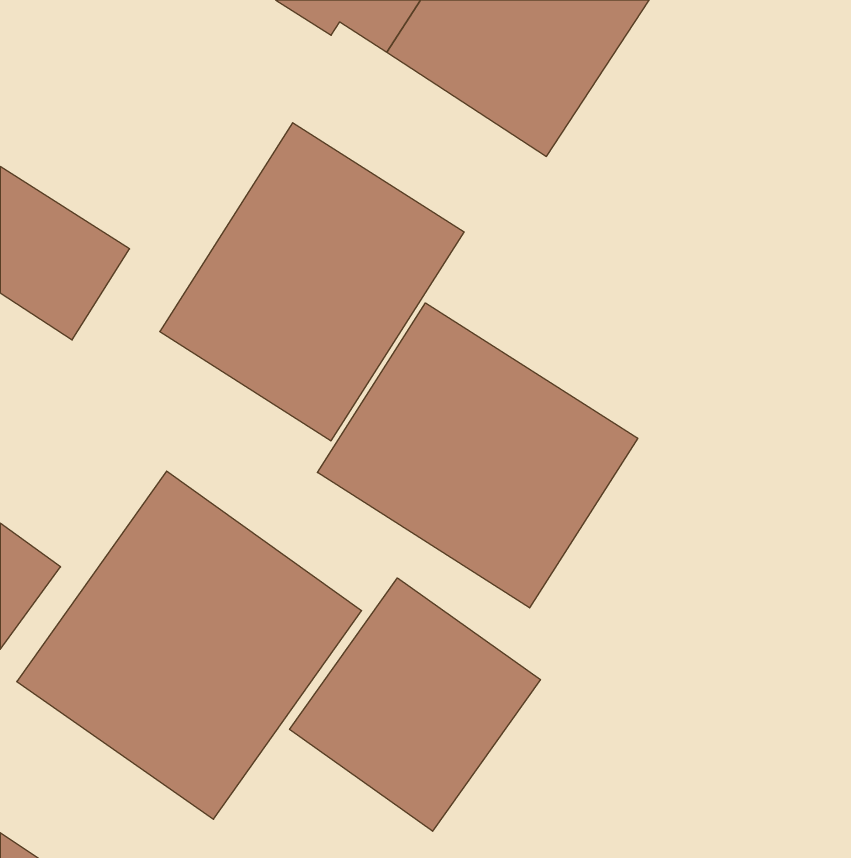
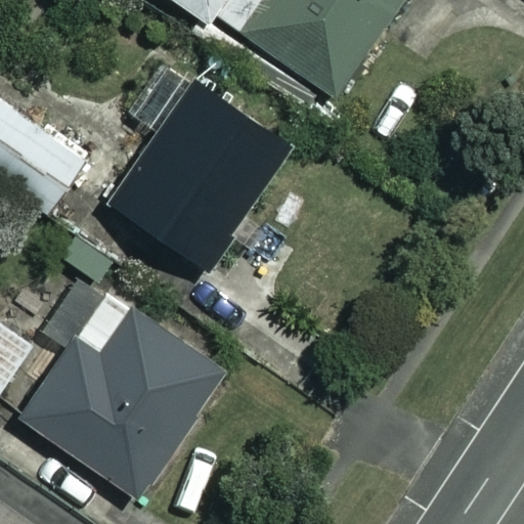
building: [317,303,638,608] -> none
building: [290,578,540,831] -> none

